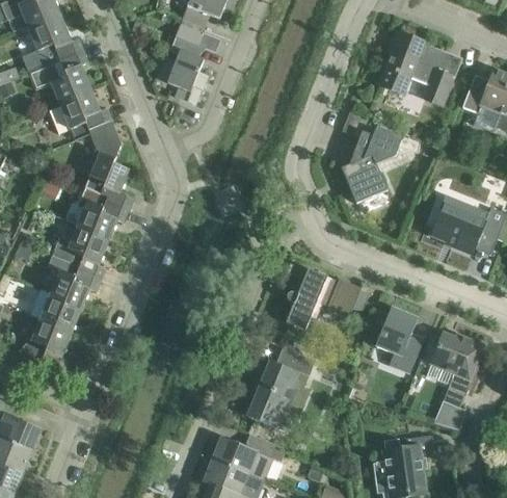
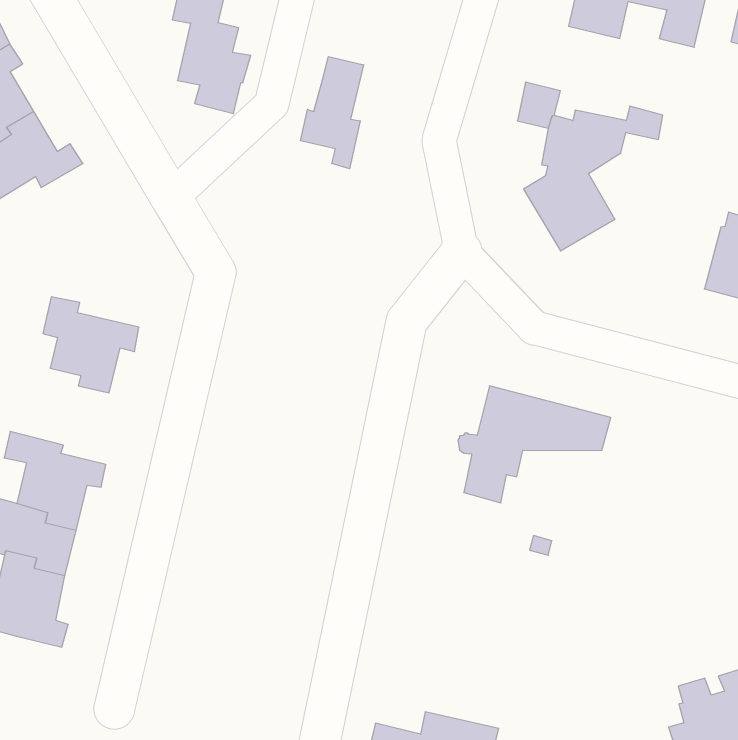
building: none -> [301,57,364,169]
building: [84,120,133,210] -> none
building: [52,225,107,280] -> none
building: [375,310,424,373] -> none
building: [247,347,315,431] -> none

